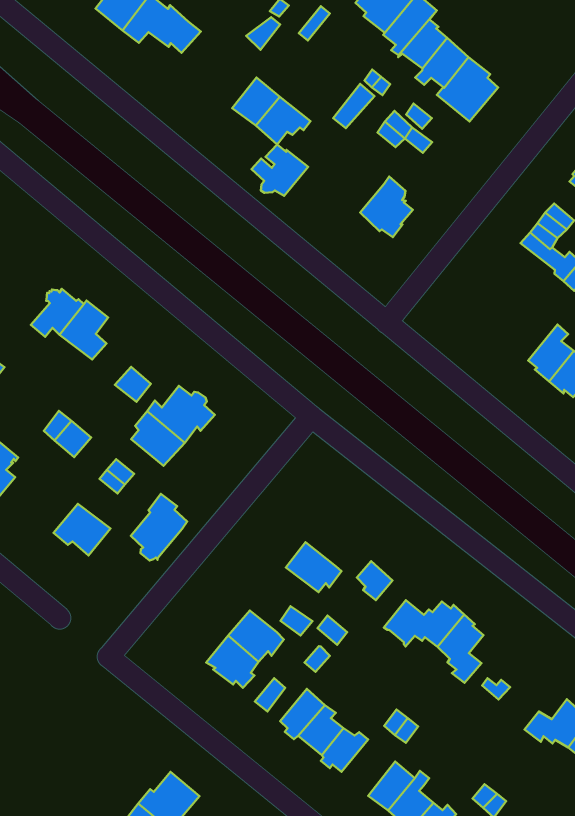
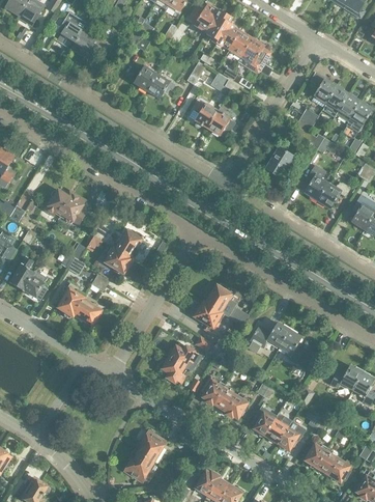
building: [252,145,308,196] -> [188,102,217,128]
building: none -> [265,147,294,177]
building: [131,494,187,561] -> [56,282,84,317]
building: none -> [202,284,231,312]

